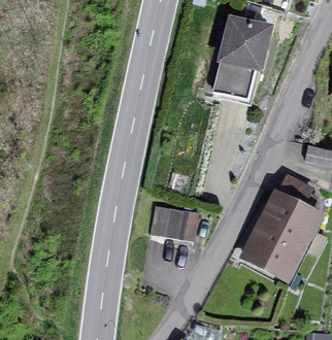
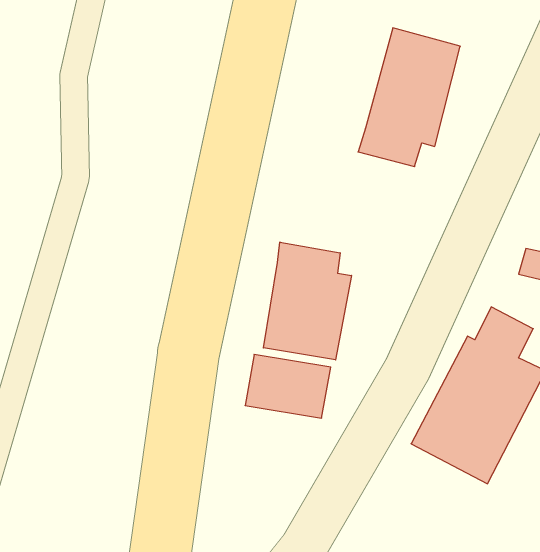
building: none -> [263,242,351,360]

